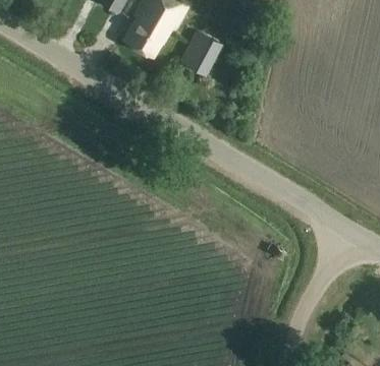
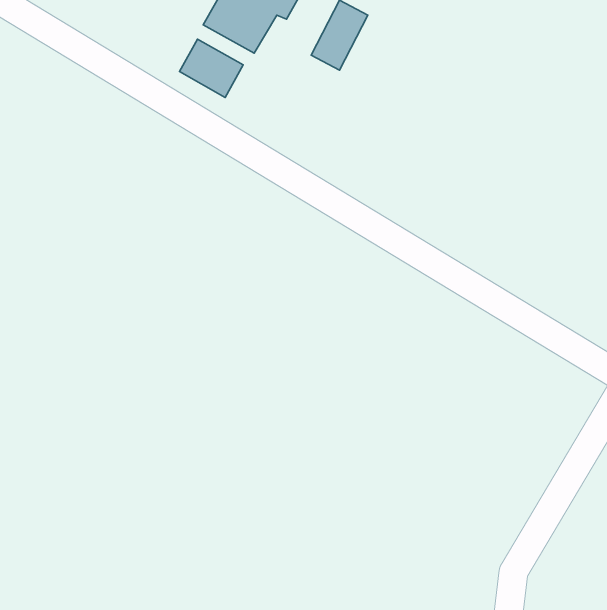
building: none -> [179,39,243,97]

